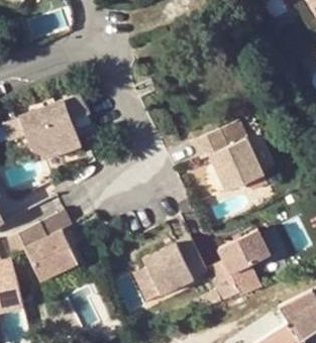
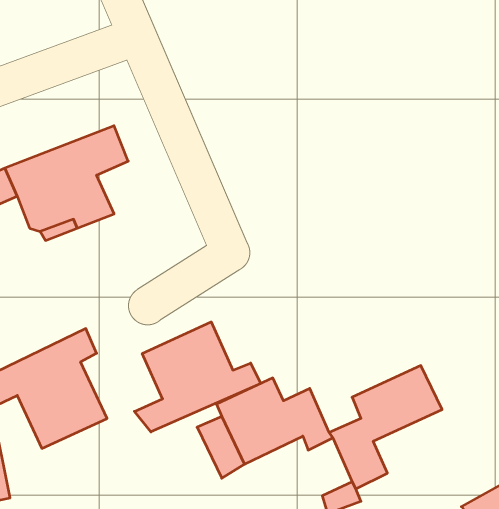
building: [194,120,265,189] -> none
building: none -> [134,322,261,432]

